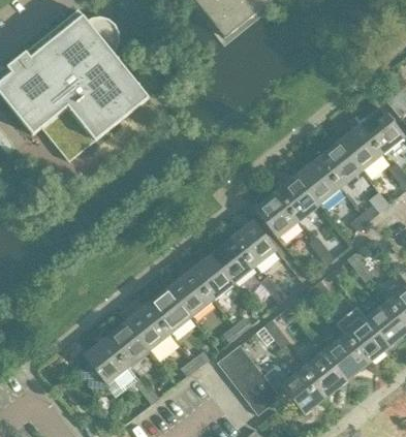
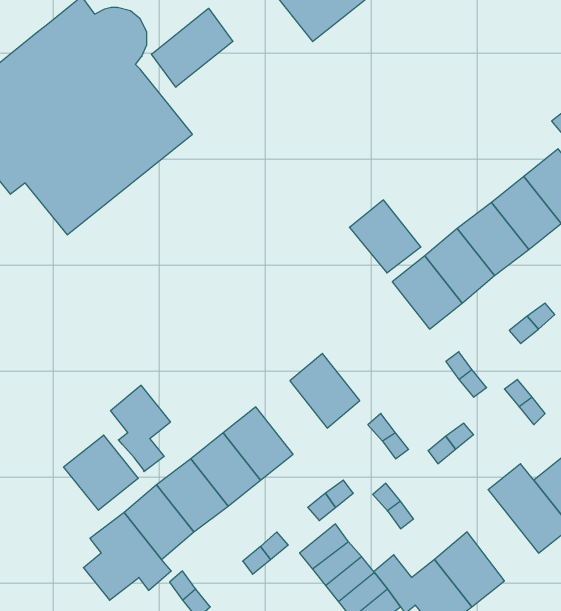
building: none -> [151,8,233,87]
building: [254,190,300,237] -> [349,200,421,273]
building: [231,219,277,266] -> none
building: [189,253,235,300] -> none
building: none -> [111,385,170,472]
building: none -> [64,435,138,510]
building: [323,333,369,380] -> none

